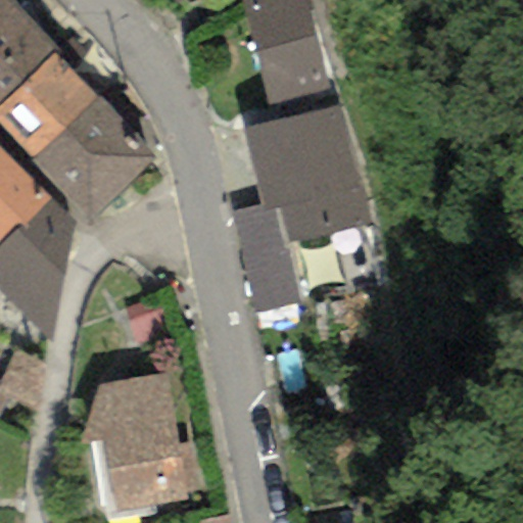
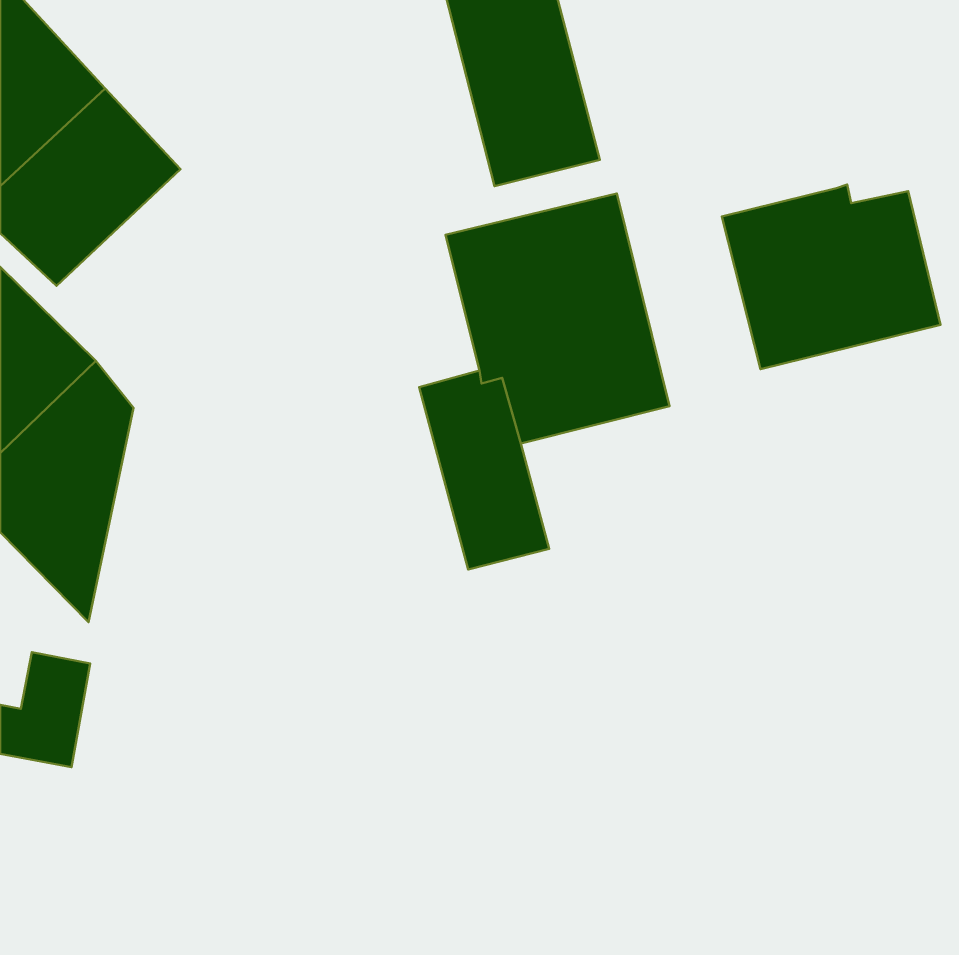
building: [32,92,151,223] -> none
building: none -> [722,184,940,369]
building: [79,373,188,508] -> none

